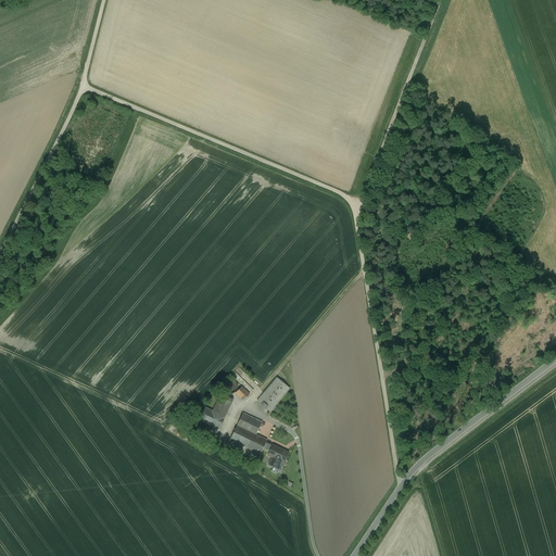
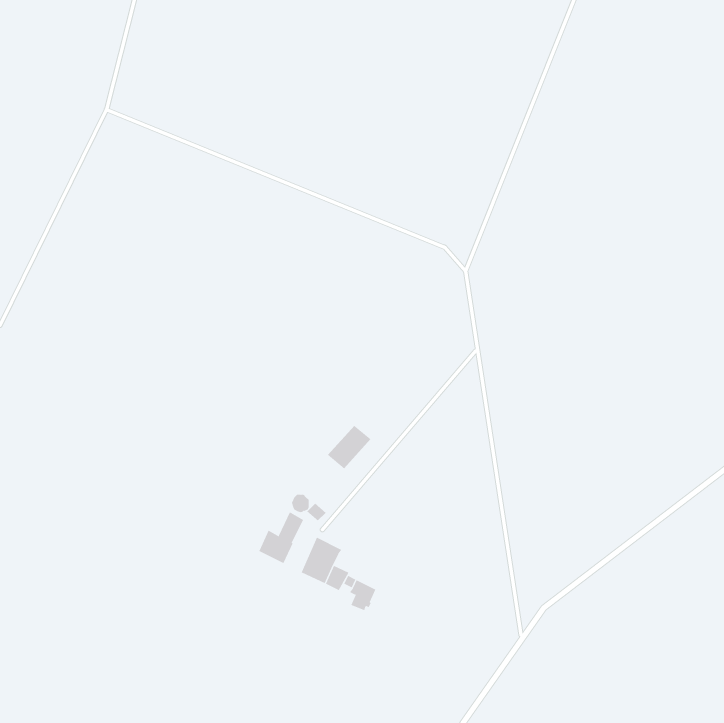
building: [257,376,291,409] -> [327,425,371,469]

